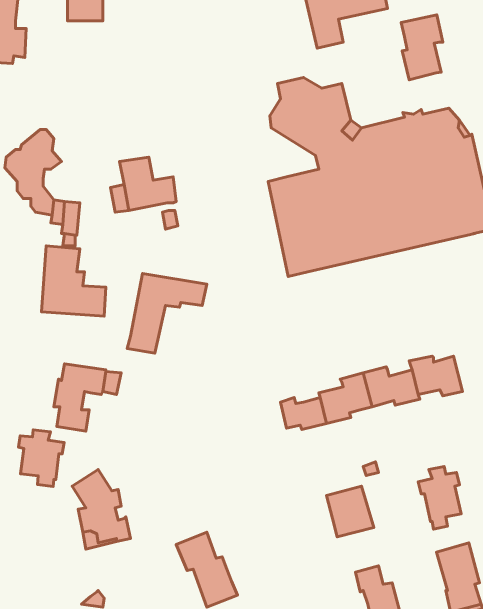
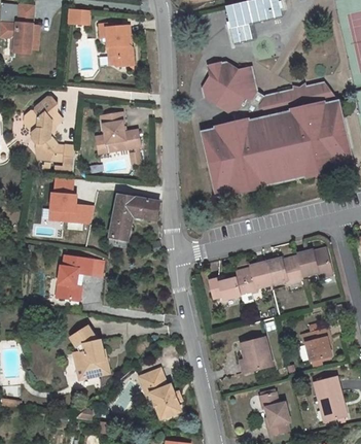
building: [401,15,443,80] -> none
building: none -> [99,23,134,66]
building: [18,430,64,487] -> none

